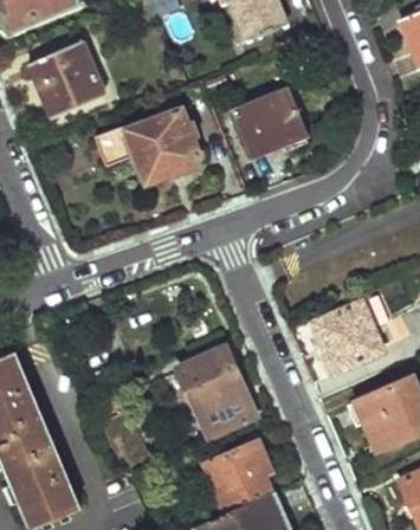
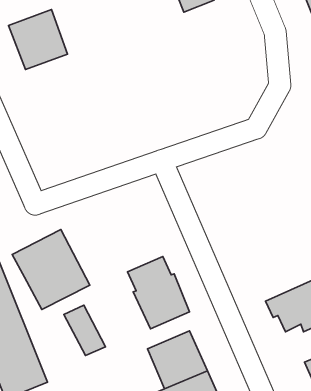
building: [233,89,306,159] -> none
building: [96,108,199,186] -> none
building: [312,285,390,370] -> none
building: none -> [12,229,90,310]

